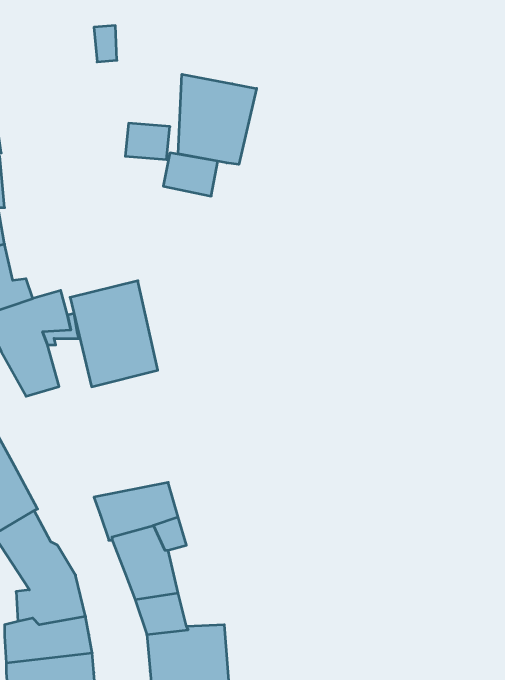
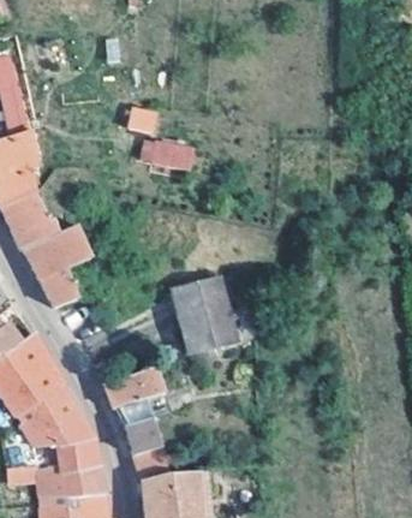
building: [178,74,257,164] -> none
building: [70,281,158,387] -> [173,278,237,355]

